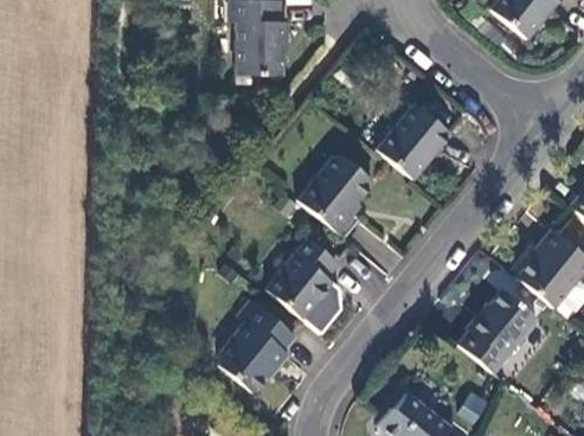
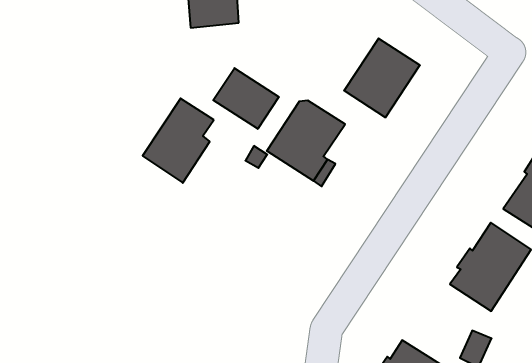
building: none -> [213,68,279,129]
building: [268,238,339,319] -> [143,98,214,183]
building: [219,300,297,393] -> none

